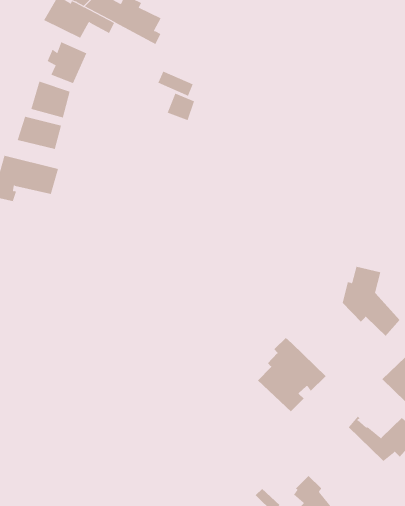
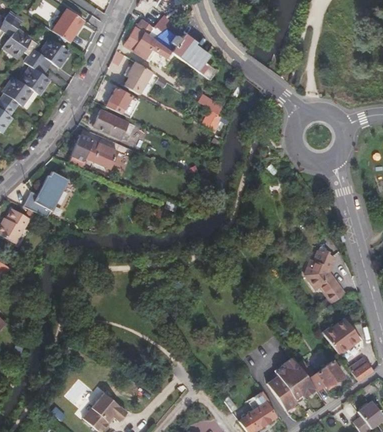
building: [257,337,326,412] -> [262,359,311,412]

